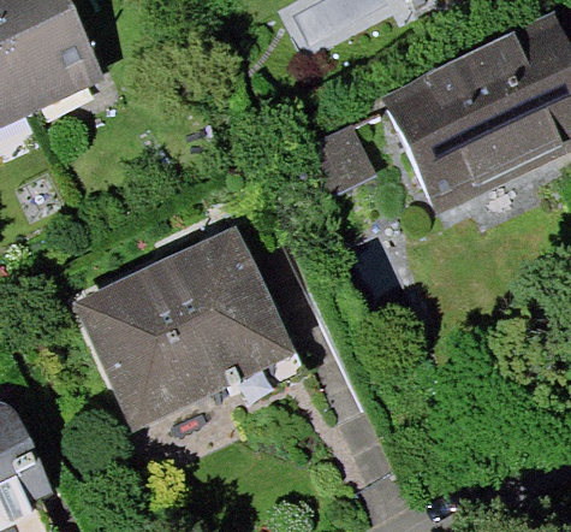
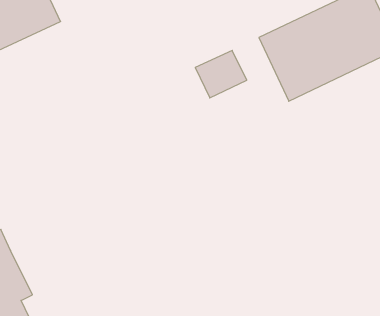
building: [87,243,278,416] -> none

